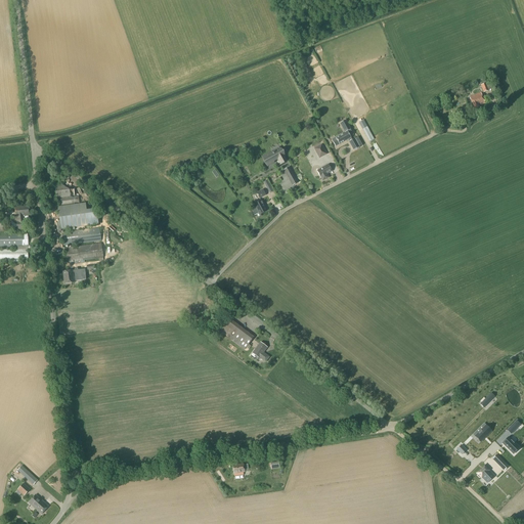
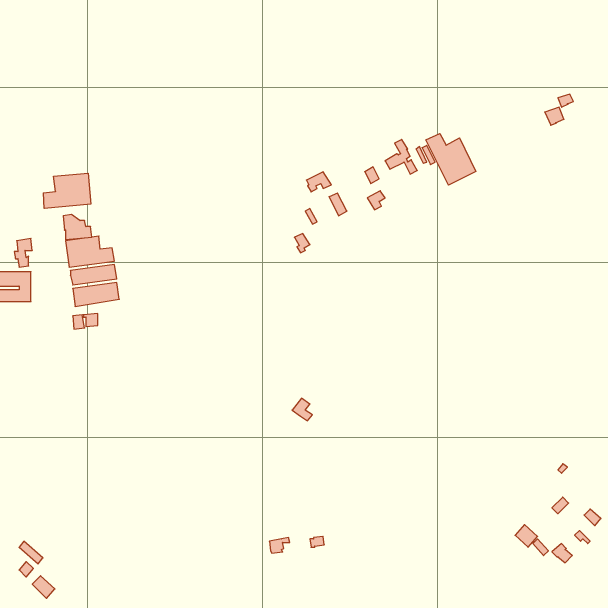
building: none -> [426,134,476,185]
building: none -> [43,173,91,208]
building: [217,316,253,349] -> none

